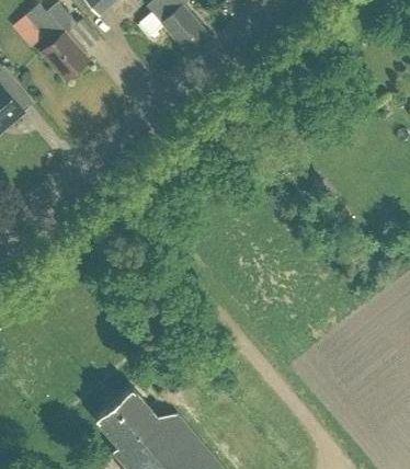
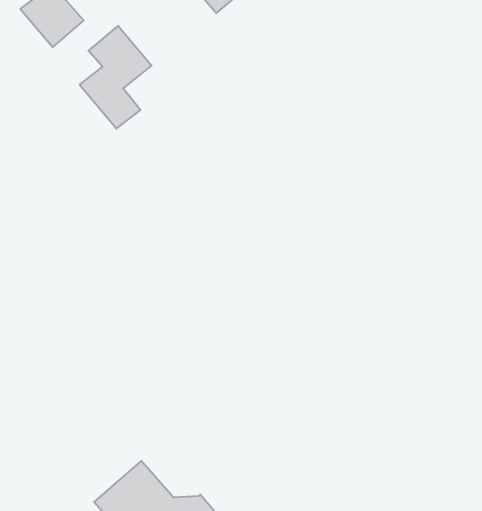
building: none -> [80,26,152,129]

